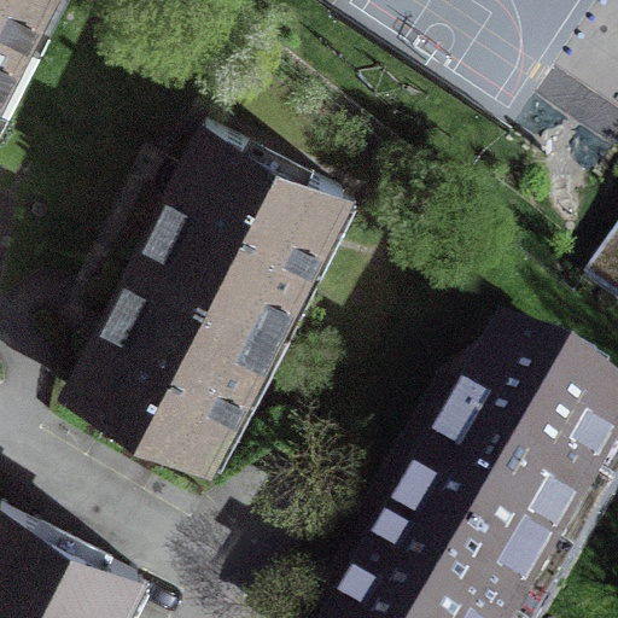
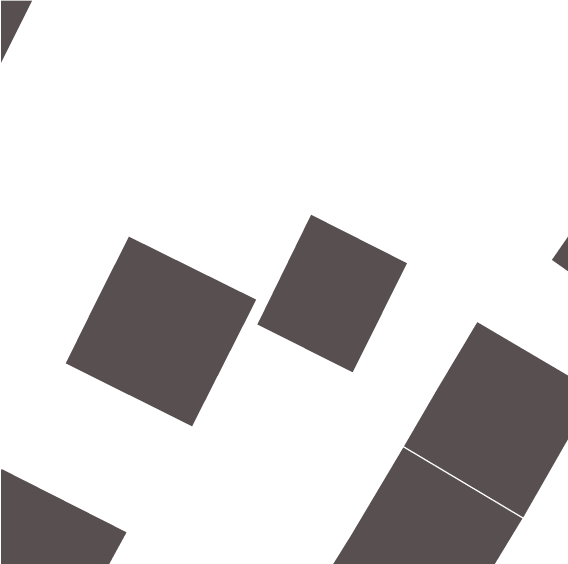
building: [151,135,355,337] -> none
building: none -> [256,214,408,373]

